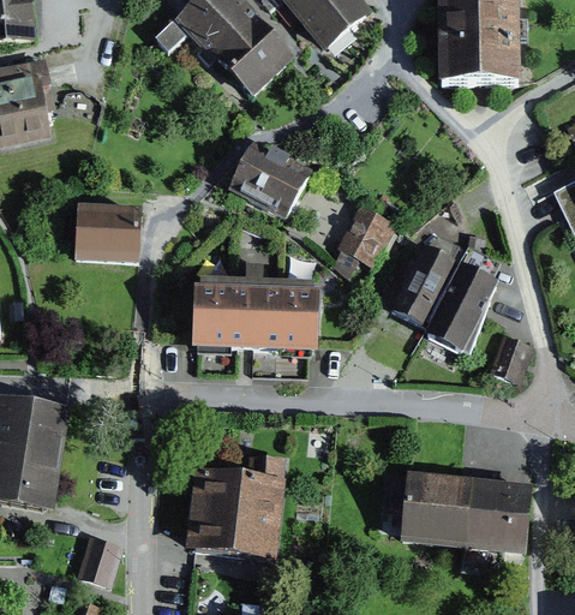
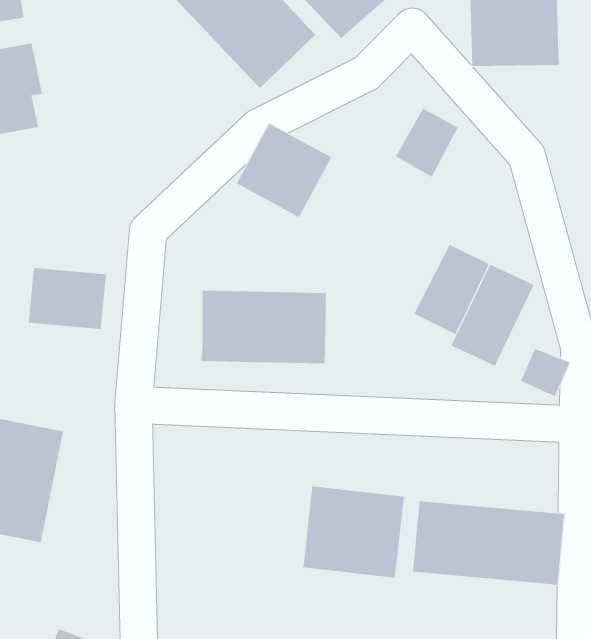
building: [68,203,140,259] -> [28,268,107,329]
building: [339,203,396,267] -> [395,108,458,177]
building: [190,470,283,554] -> [302,486,405,578]
building: [77,532,124,583] -> none

